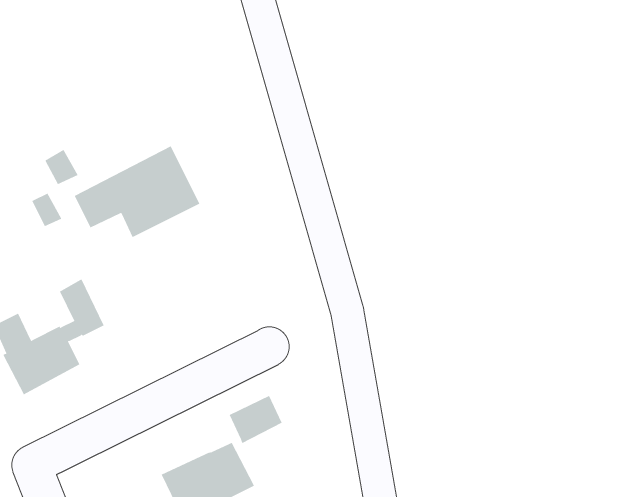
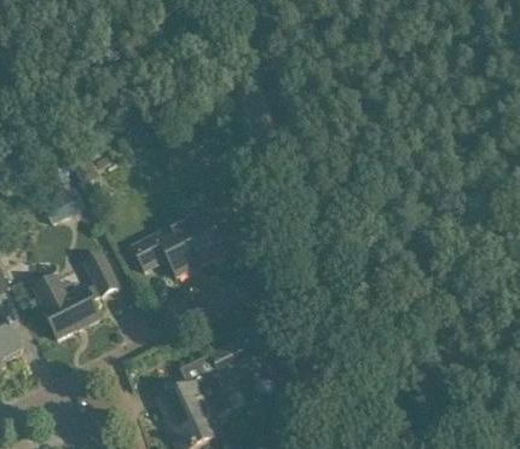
building: [74,146,200,238] -> [131,207,225,276]

